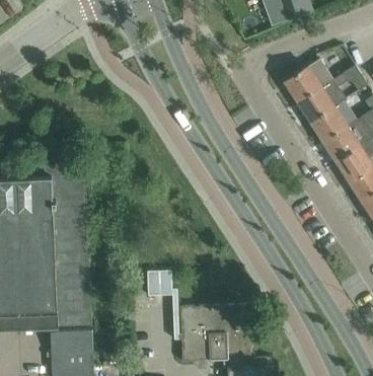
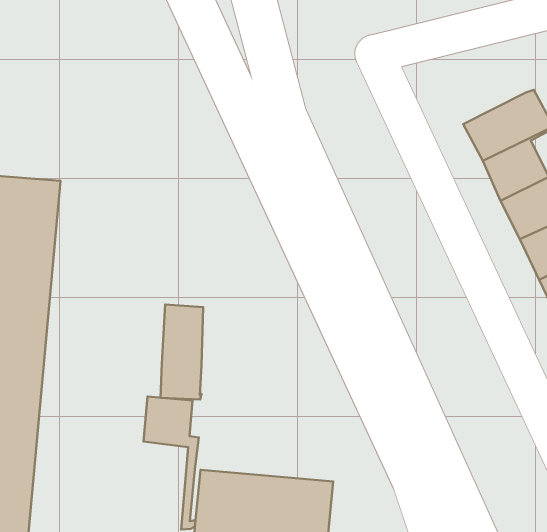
building: [284,62,328,103] -> none
building: none -> [161,304,203,400]

